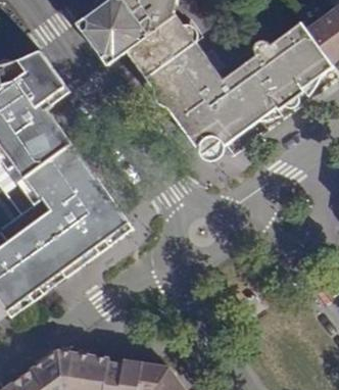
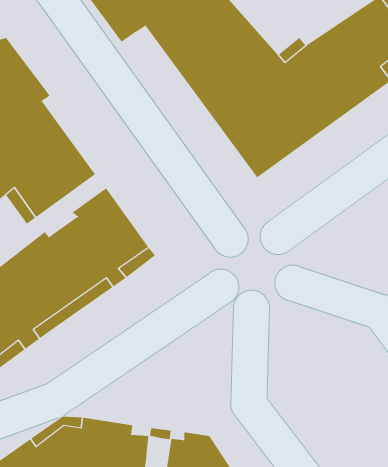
building: [17,48,69,103] -> none

